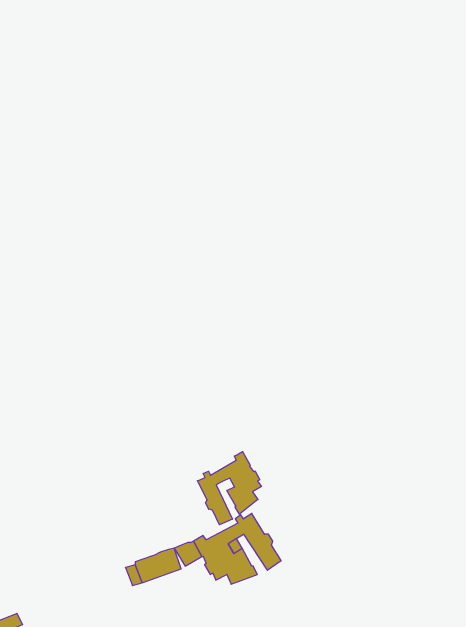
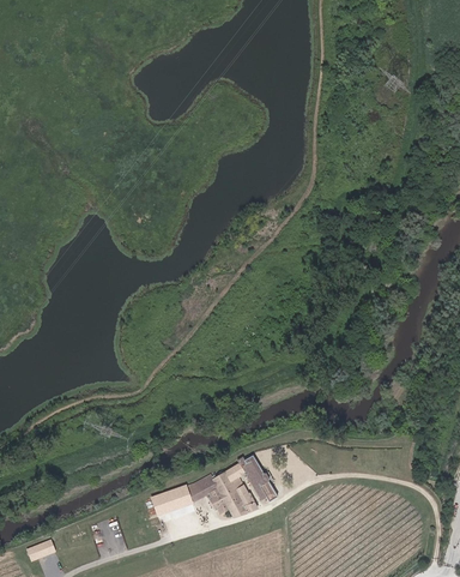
building: [197,452,261,525] -> none

